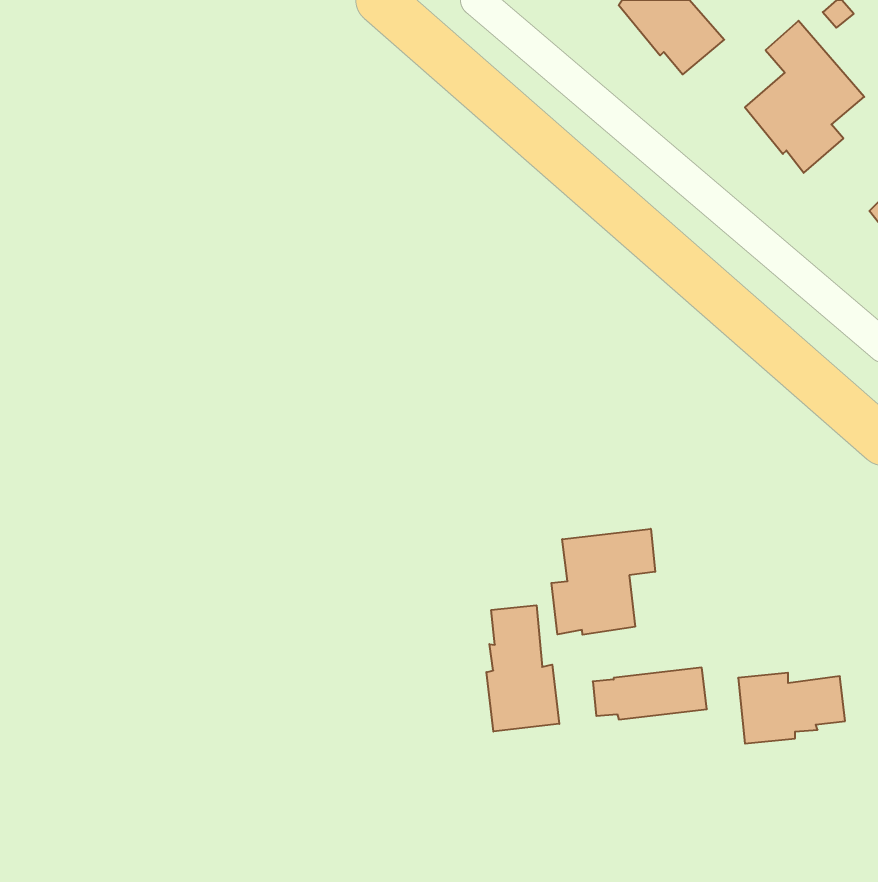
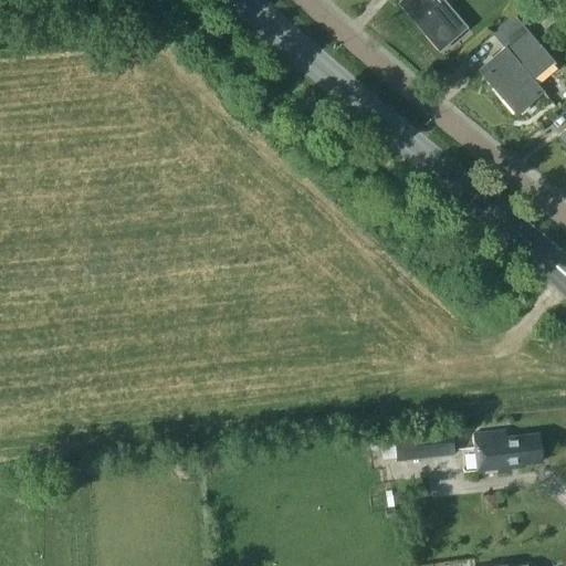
building: [551,529,655,635] -> none
building: [486,605,559,732] -> none

